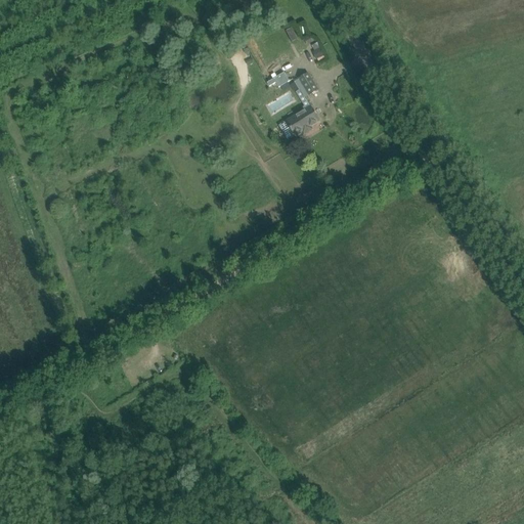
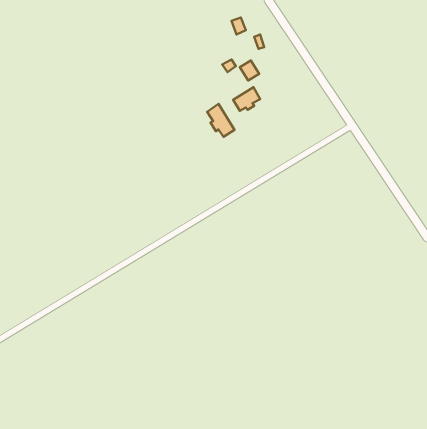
building: none -> [207,104,235,137]

